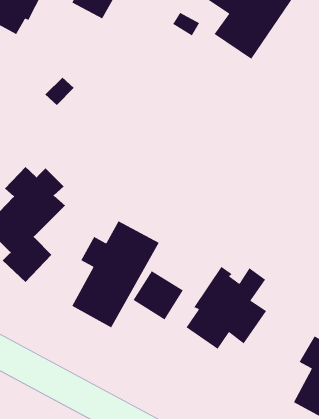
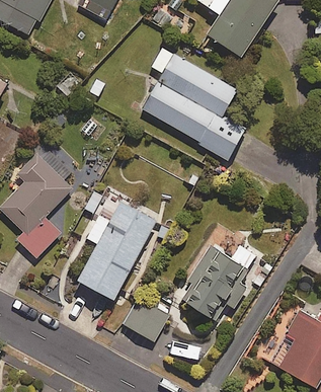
building: none -> [142,47,245,159]
building: [132,270,184,320] -> [124,296,170,341]

